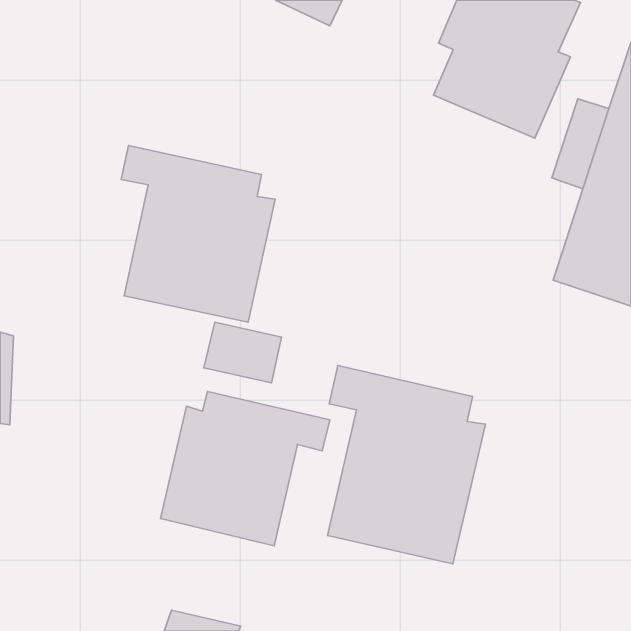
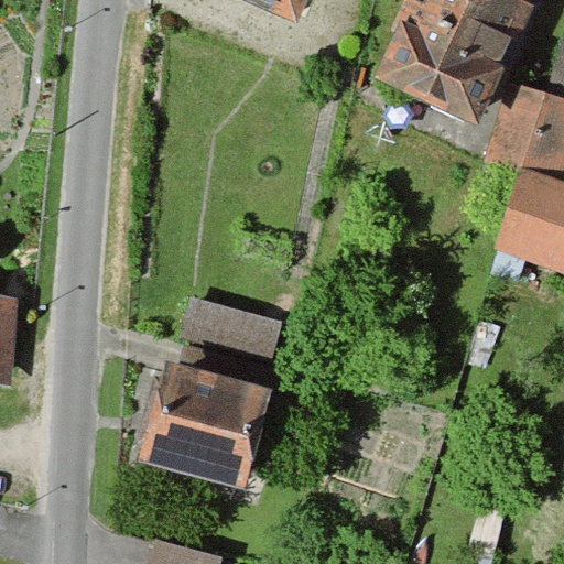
building: [121,146,275,322] -> none
building: [327,365,485,564] -> none

